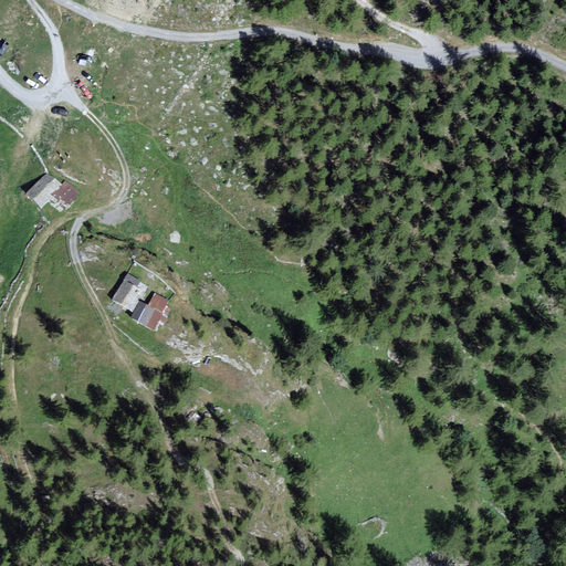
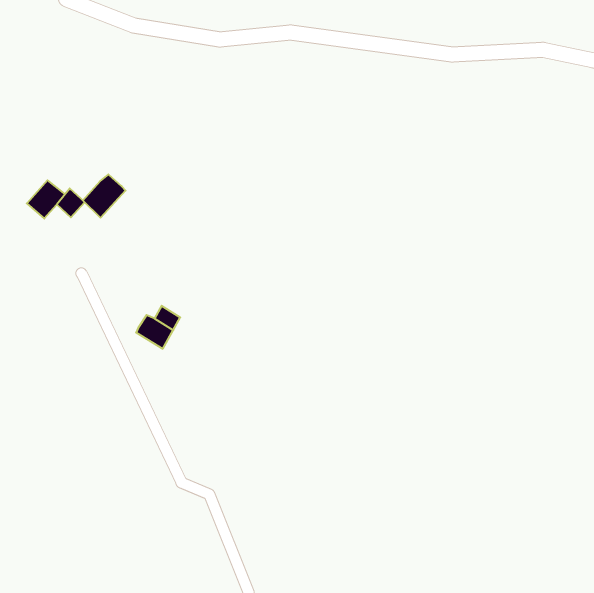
building: none -> [83,174,126,218]
building: [111,279,145,312] -> none

